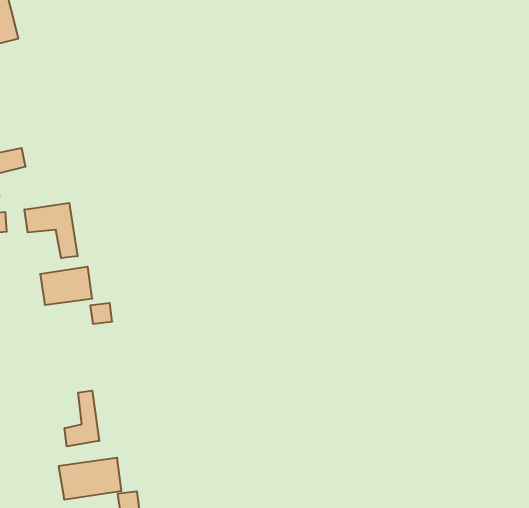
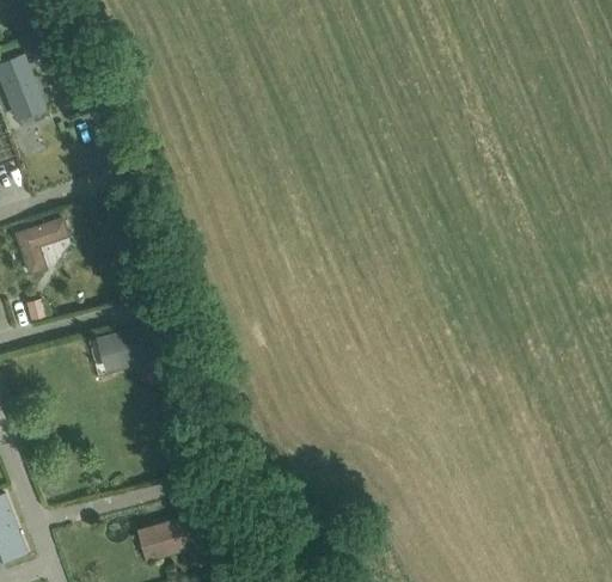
building: [24,203,78,258] -> none
building: [65,391,99,446] -> none

